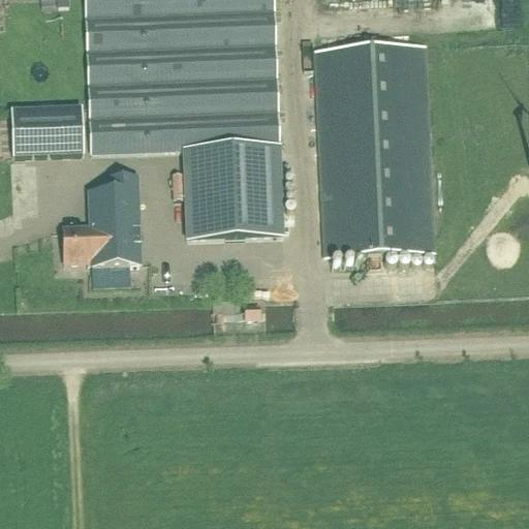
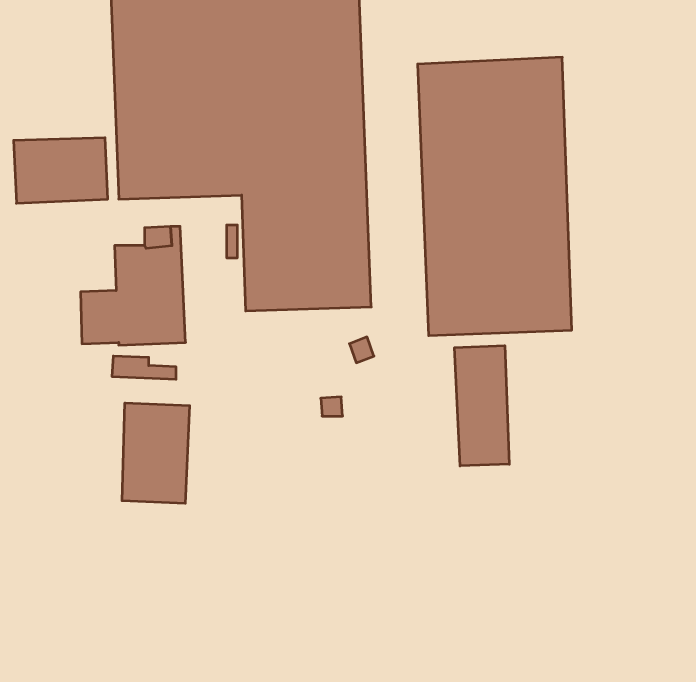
building: none -> [455,346,509,466]
building: none -> [122,403,190,503]

